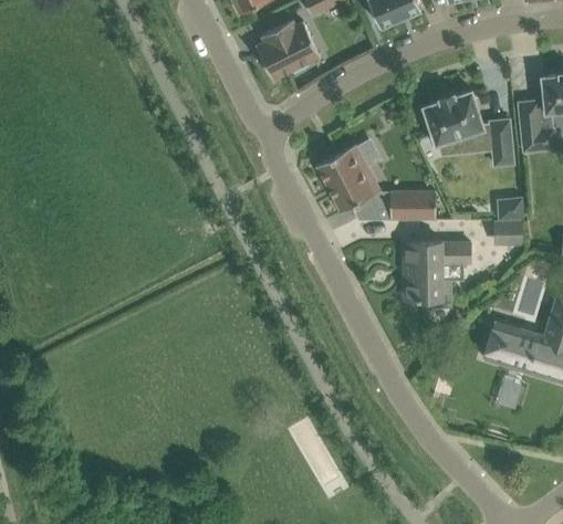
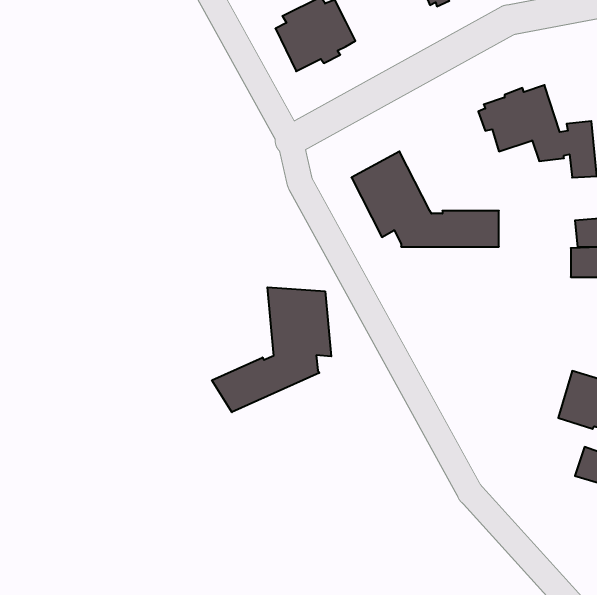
building: [405,241,471,306] -> none
building: none -> [212,287,331,412]

